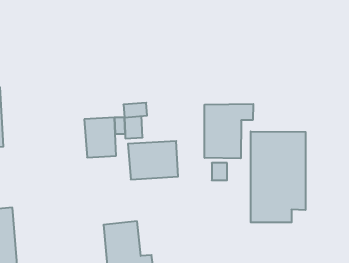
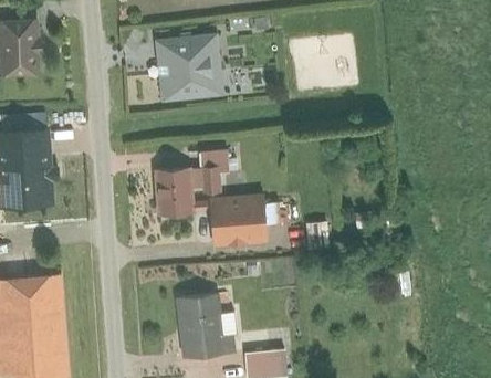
building: none -> [152,31,223,101]
building: [205,104,253,158] -> none
building: [251,131,306,222] -> none

